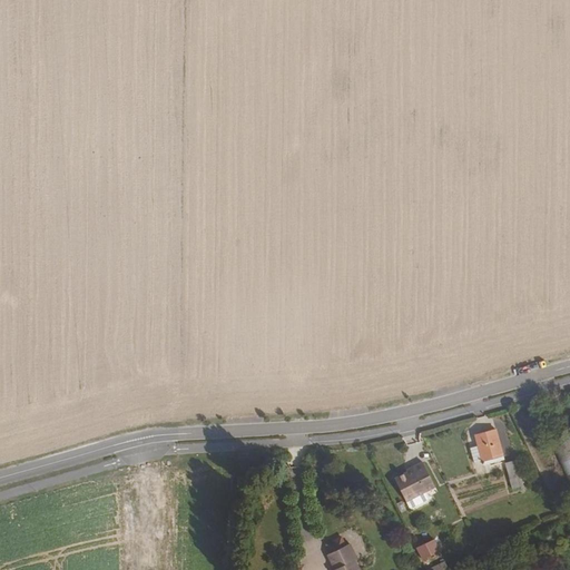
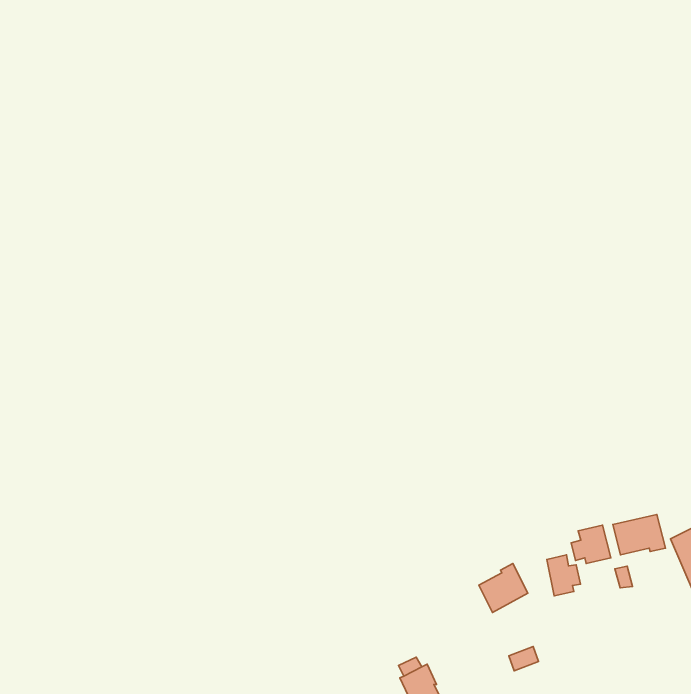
building: none -> [613,515,666,555]
building: none -> [547,555,581,596]

